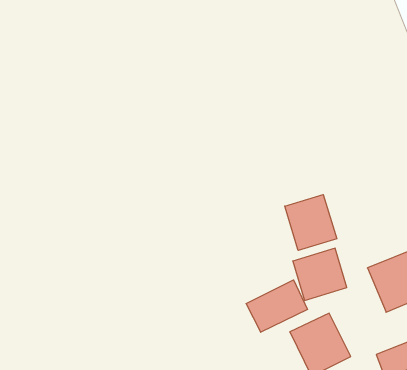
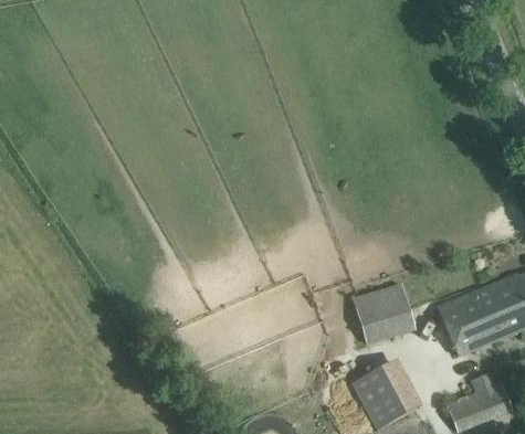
building: [285,195,337,250] -> none
building: [246,280,308,332] -> none

